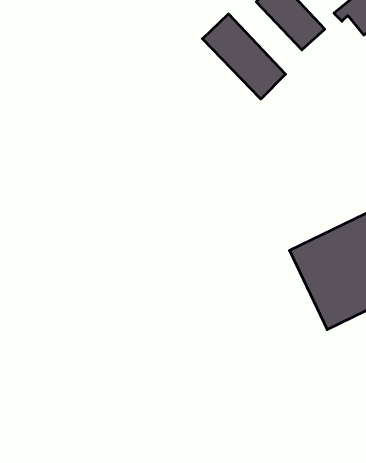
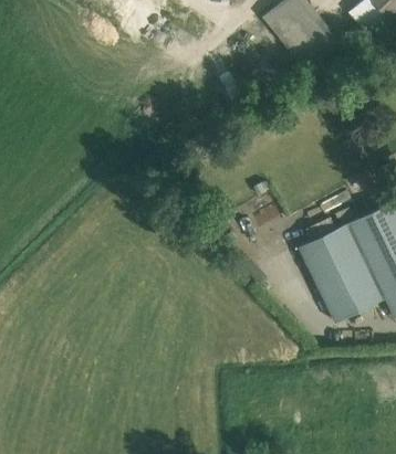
building: [202,14,286,99] -> none

